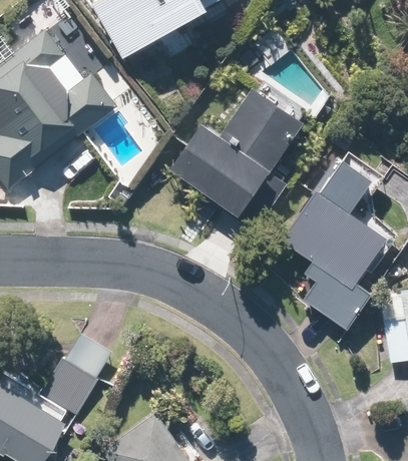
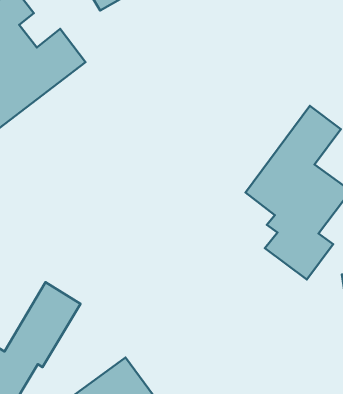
building: [172,82,309,236] -> none

